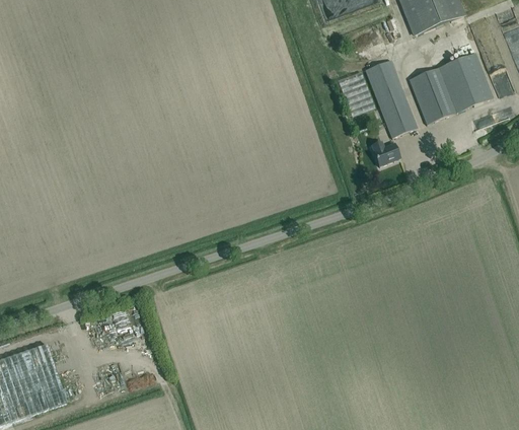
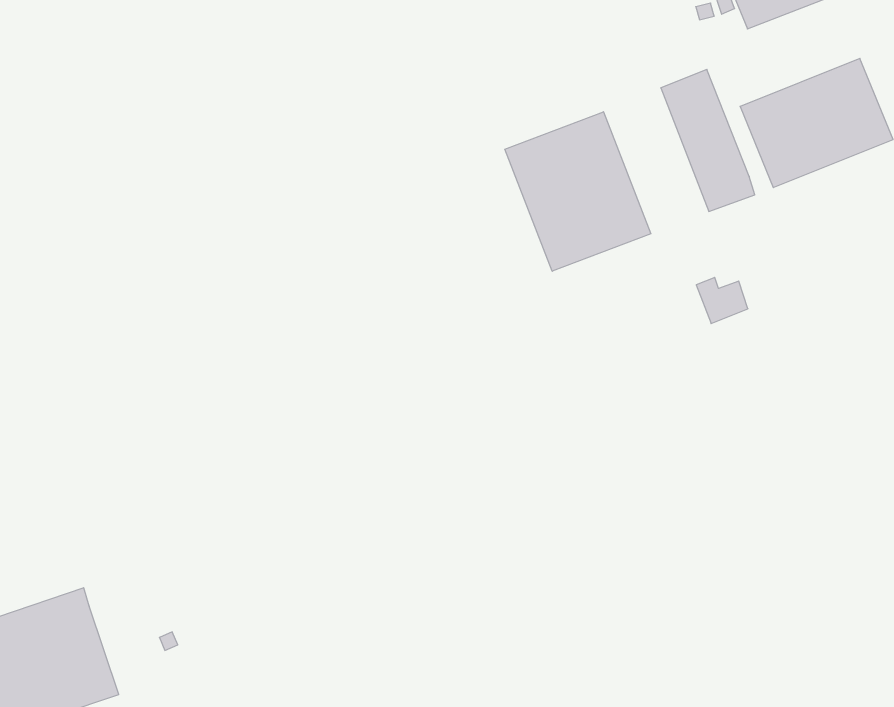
building: none -> [505,112,651,271]
building: [371,140,399,165] -> [696,277,748,324]

